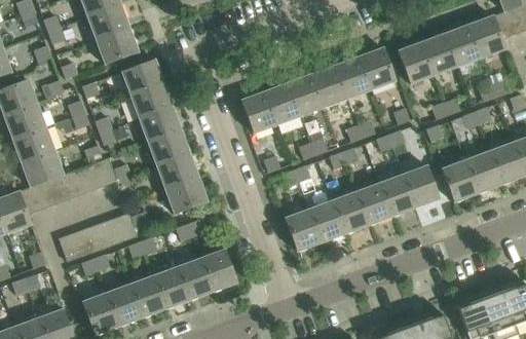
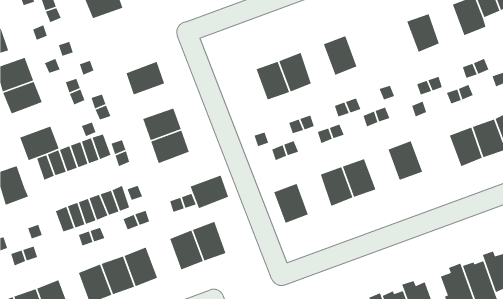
building: [445,25,481,66] -> none
building: [97,29,138,65] -> none
building: [397,42,434,84] -> none
building: [359,48,394,89] -> none
building: [121,59,163,96] -> none
building: [312,66,347,107] -> none
building: [240,91,277,134] -> none
building: [139,107,181,143] -> none
building: [12,126,53,162] -> none
building: [441,160,478,201] -> none
building: [378,175,414,217] -> none
building: [164,178,205,214] -> [190,174,229,209]
building: [18,184,46,215] -> none
building: [308,200,343,242] -> none
building: [152,267,188,308] -> none

